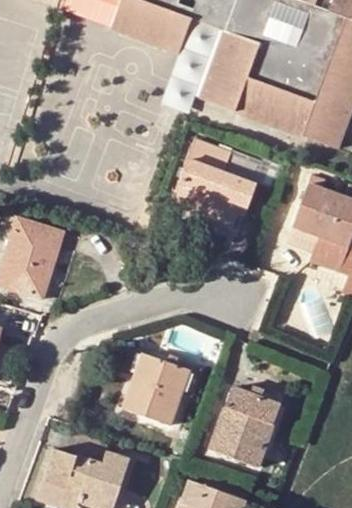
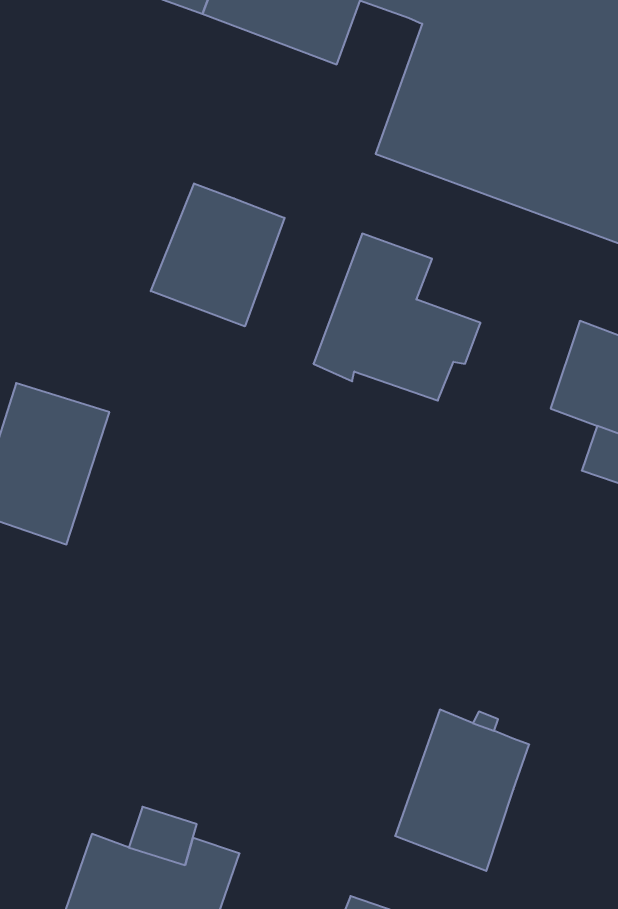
building: none -> [151,183,285,326]
building: [121,350,202,424] -> none

